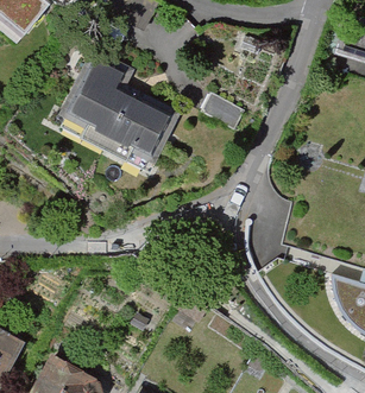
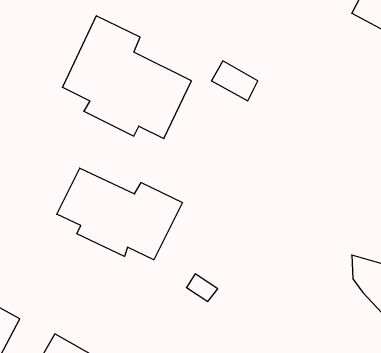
building: none -> [57,168,182,260]

